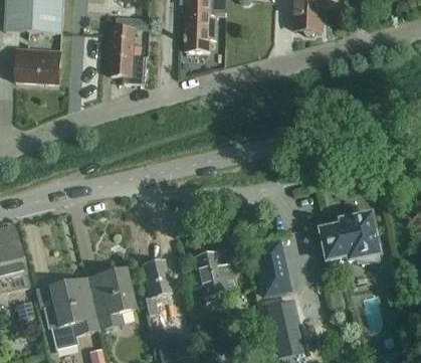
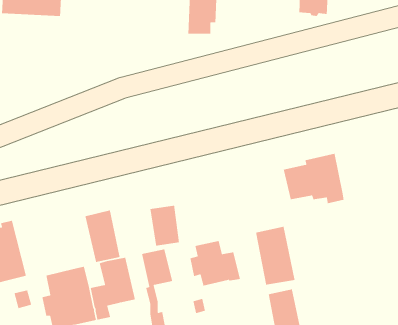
building: [109,24,147,81] -> none
building: [14,46,61,83] -> none
building: [319,212,379,262] -> [283,153,345,204]
building: none -> [149,205,180,246]
building: none -> [84,210,121,263]

